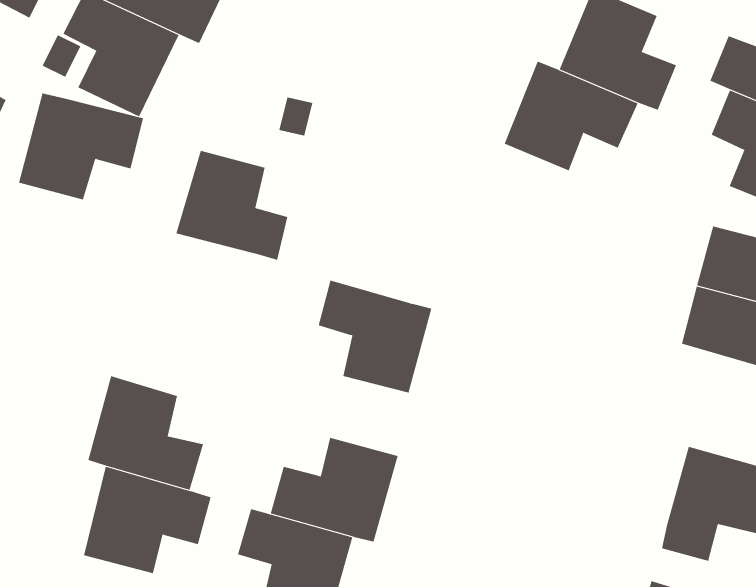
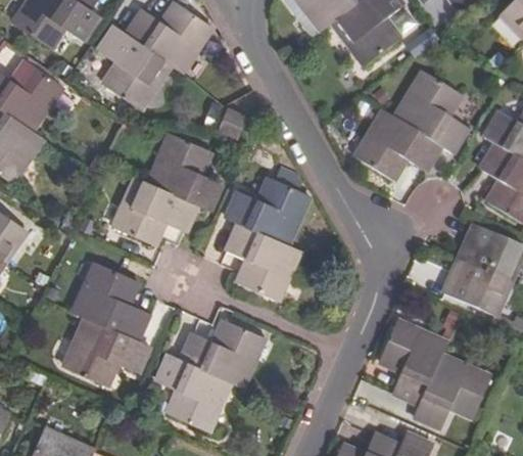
building: [18,93,144,200] -> [113,176,195,244]
building: none -> [226,176,307,244]
building: none -> [378,321,444,402]

